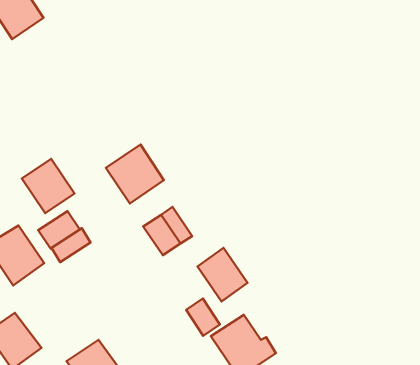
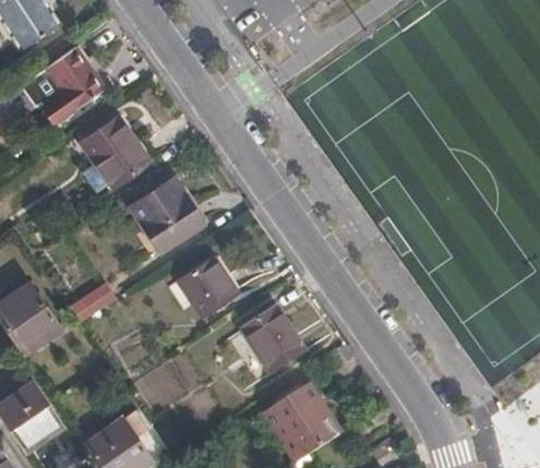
building: none -> [39,48,99,124]
building: [22,159,74,213] -> [84,119,148,185]
building: [38,211,80,248] -> none
building: [186,299,220,336] -> none

